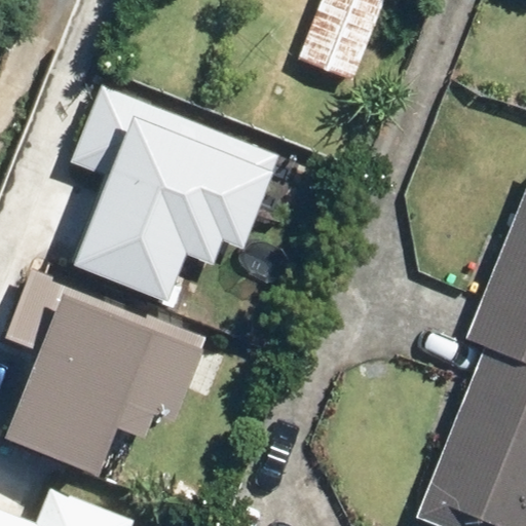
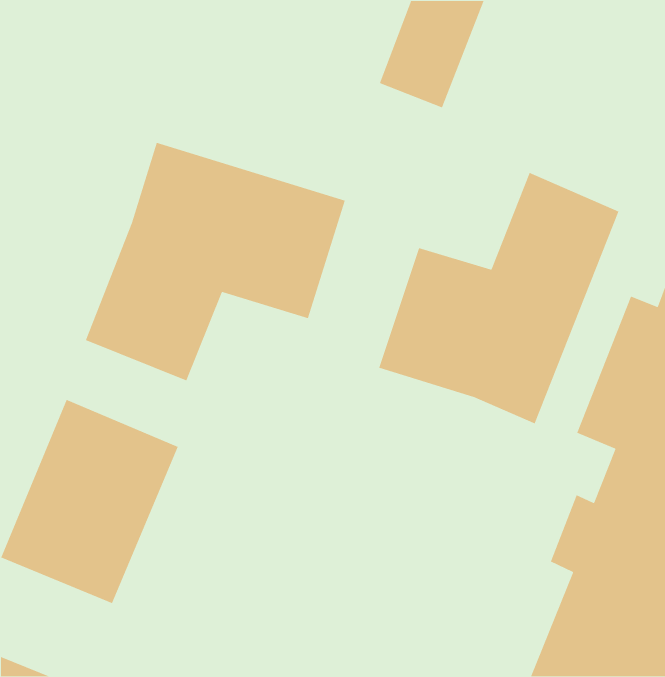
building: none -> [378,172,620,425]

